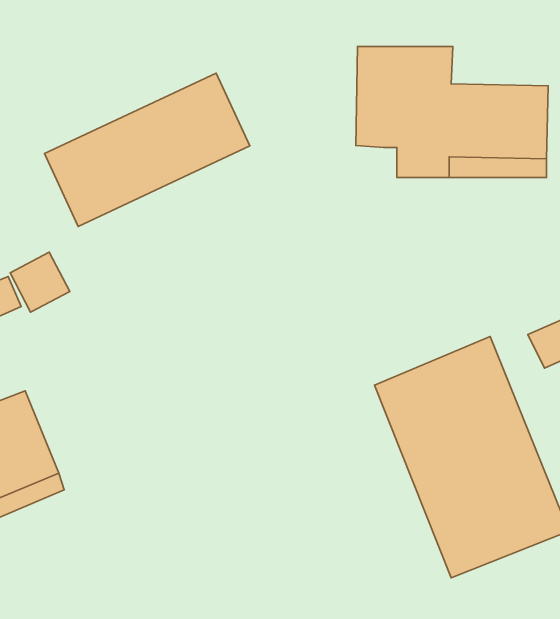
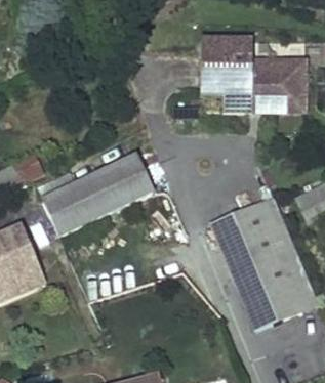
building: [44,73,250,226] -> [41,152,154,236]

